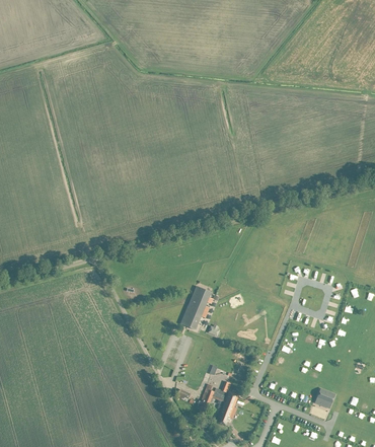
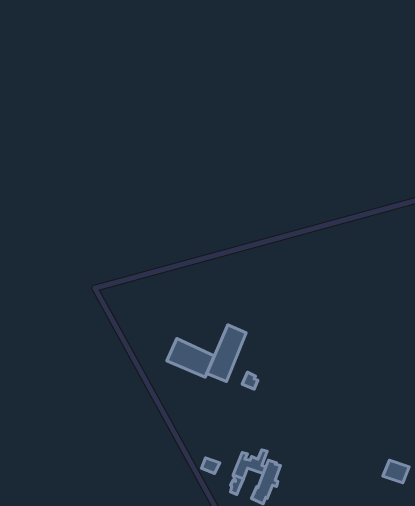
building: none -> [167,338,214,377]

